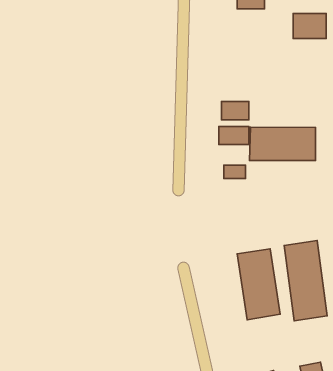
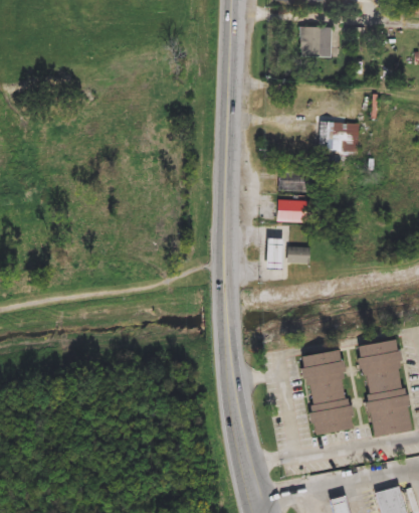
building: [293,14,326,38] -> [322,122,362,152]
building: [250,127,316,160] -> none
building: none -> [265,237,281,269]

